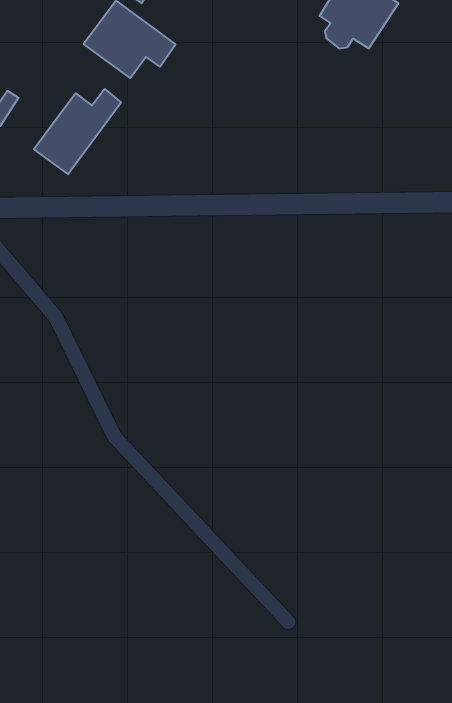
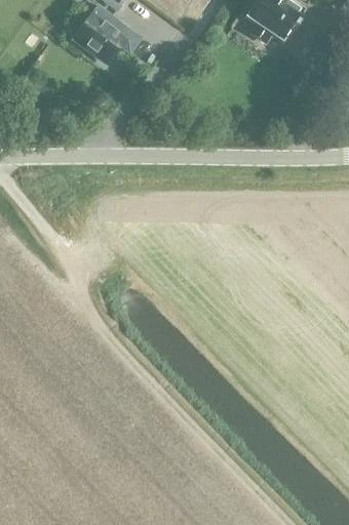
building: [34,89,121,174] -> none

